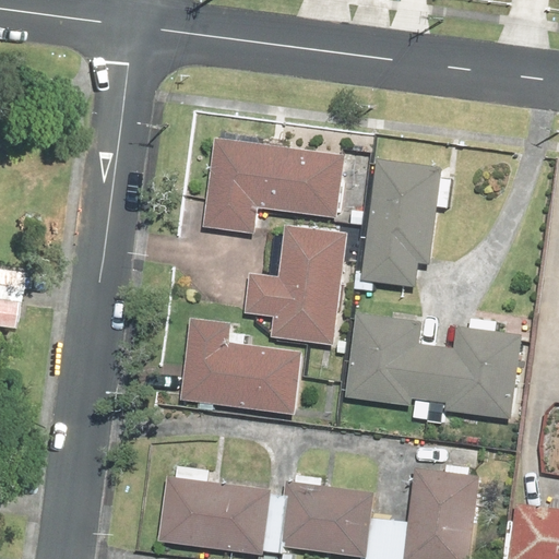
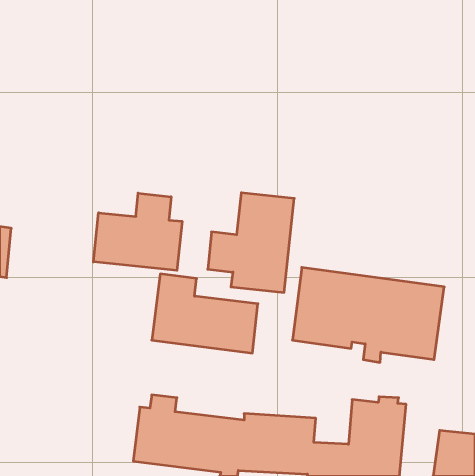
building: [204,140,345,234] -> none
building: [357,159,442,289] -> none
building: none -> [93,193,182,270]

